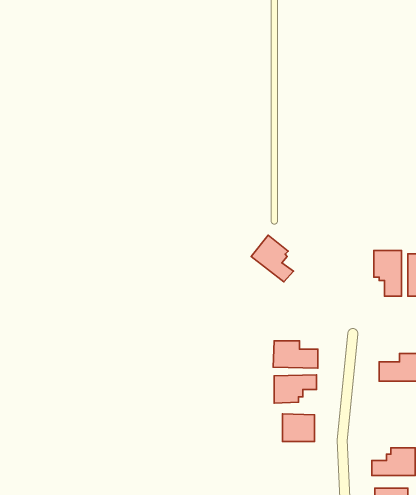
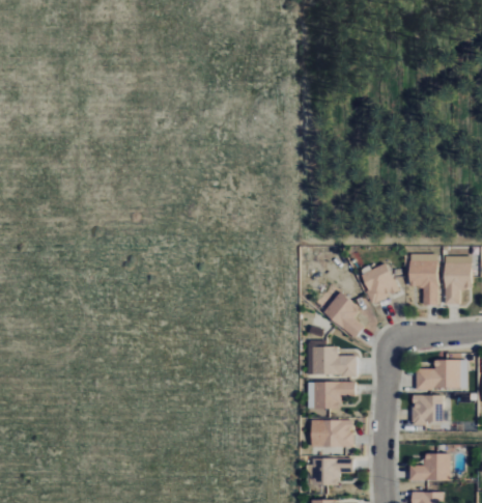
building: [251,235,293,282] -> [323,292,365,338]
building: none -> [362,263,398,303]
building: none -> [413,396,444,422]
building: none -> [312,458,353,485]

